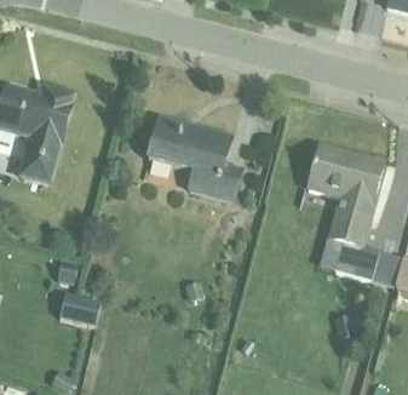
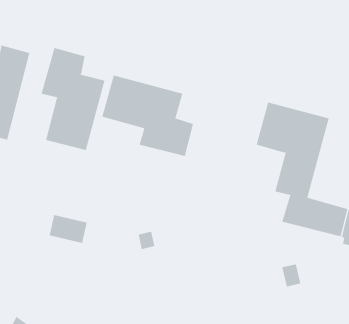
building: none -> [41,47,105,151]
building: [61,292,100,322] -> [49,214,88,243]

